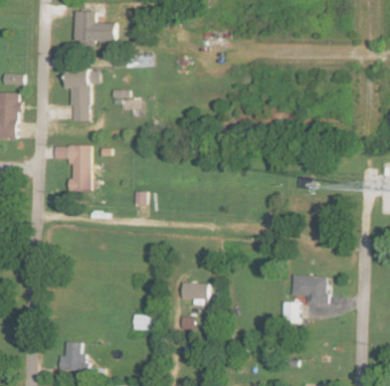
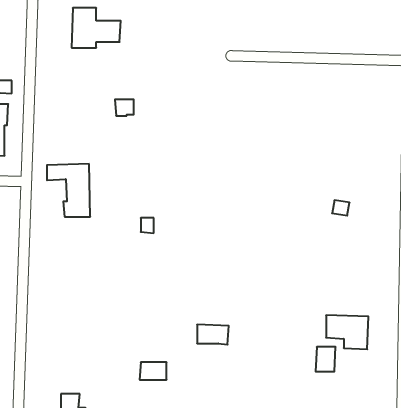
building: [68,69,100,121] -> none

